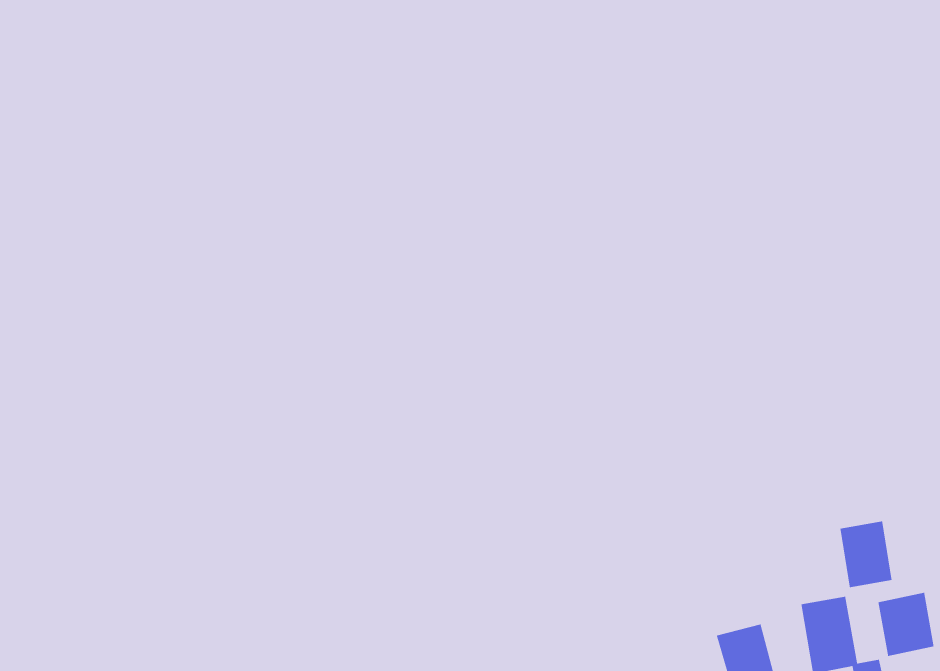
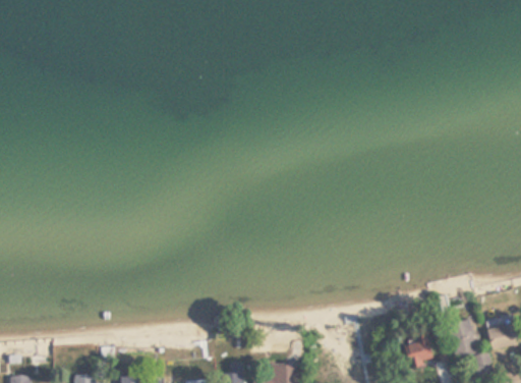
building: [839,520,892,588] -> none

